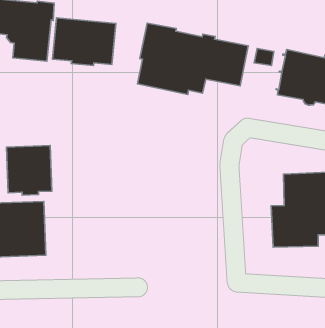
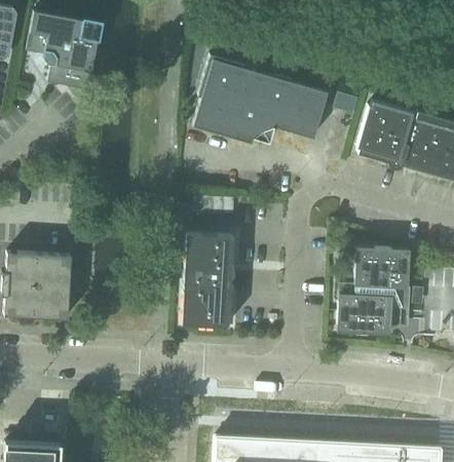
building: [53,18,116,66] -> none
building: [6,146,52,195] -> none
building: none -> [182,232,233,326]

